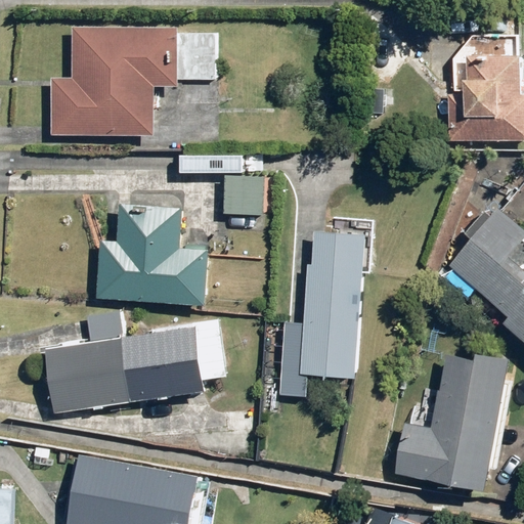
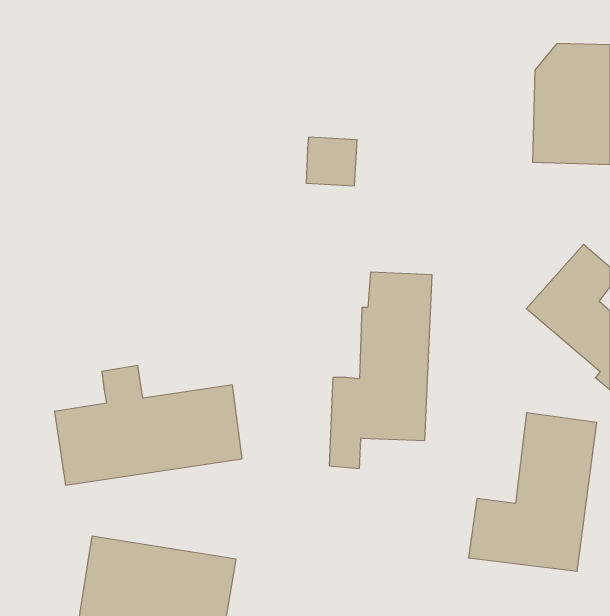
building: [50,27,213,137] -> none
building: [222,175,265,216] -> [306,137,357,186]
building: [96,205,208,302] -> none

